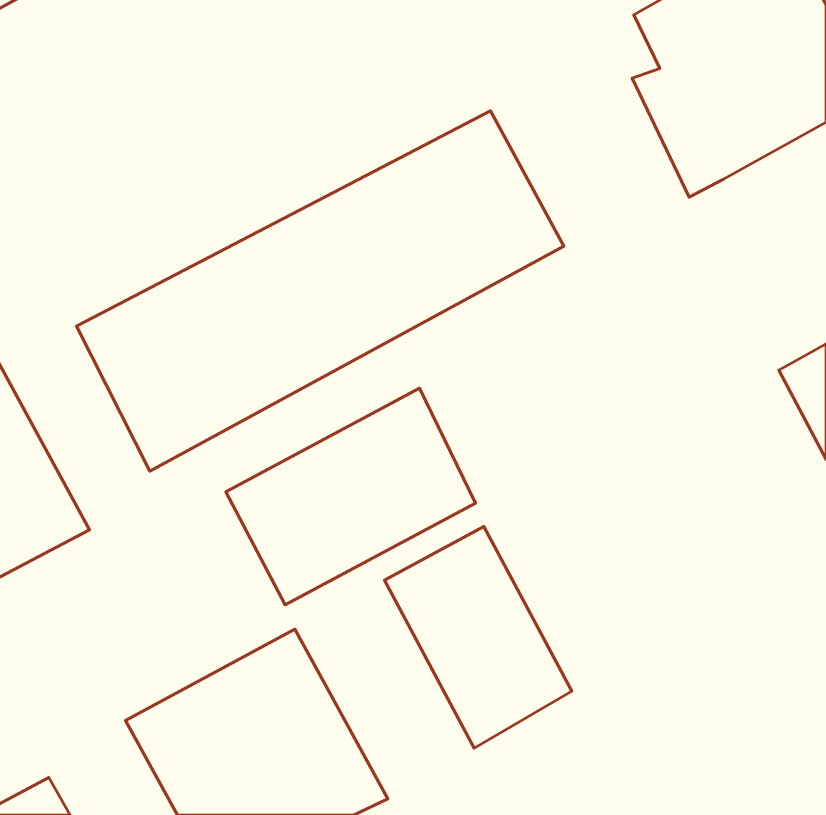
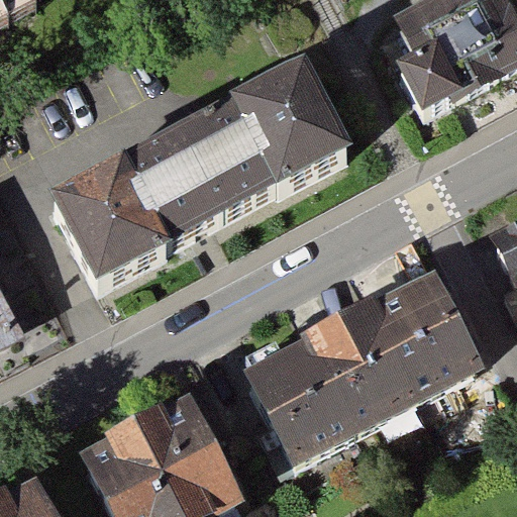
building: [226,388,476,605] -> none
building: none -> [300,254,488,428]

